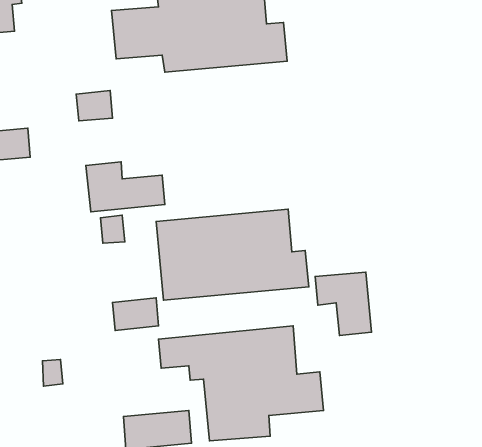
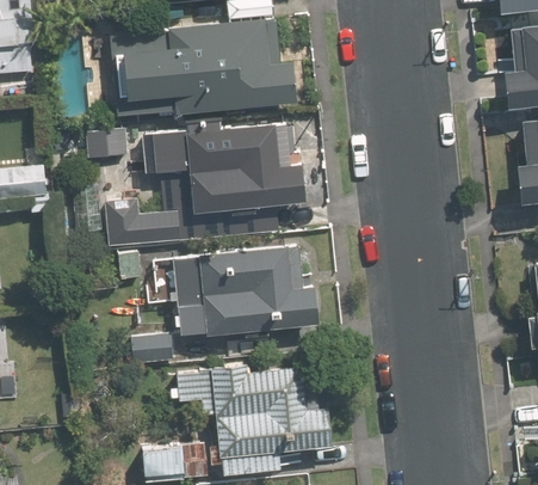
building: none -> [155,124,309,214]
building: [315,272,371,335] -> none

